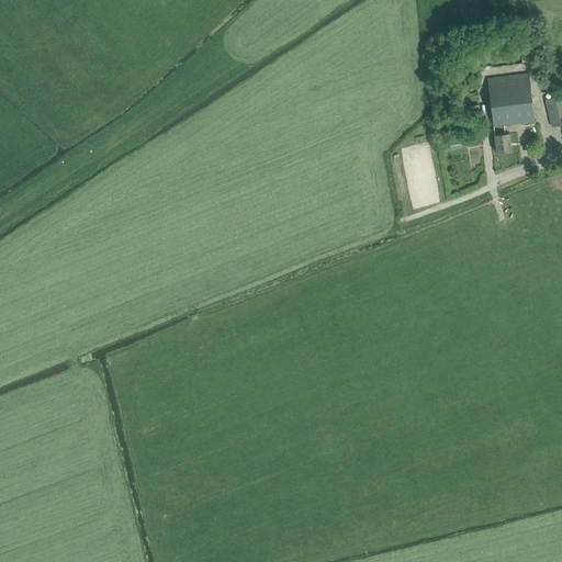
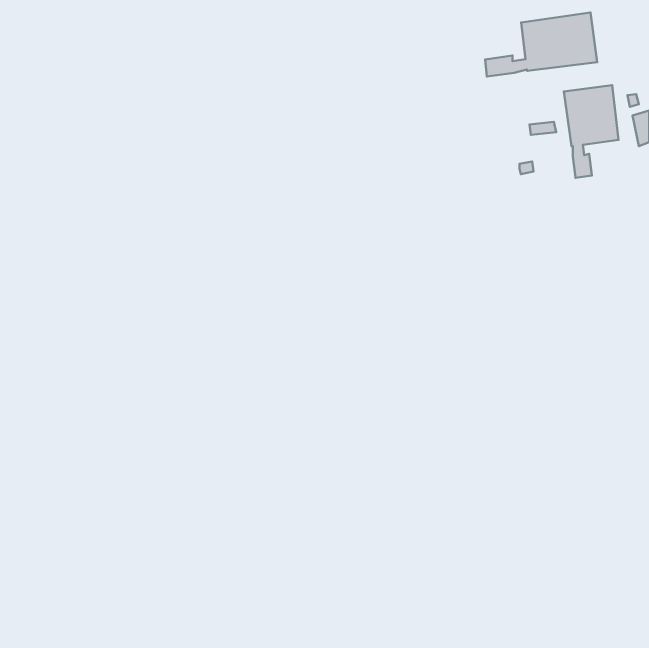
building: none -> [485,13,597,77]

